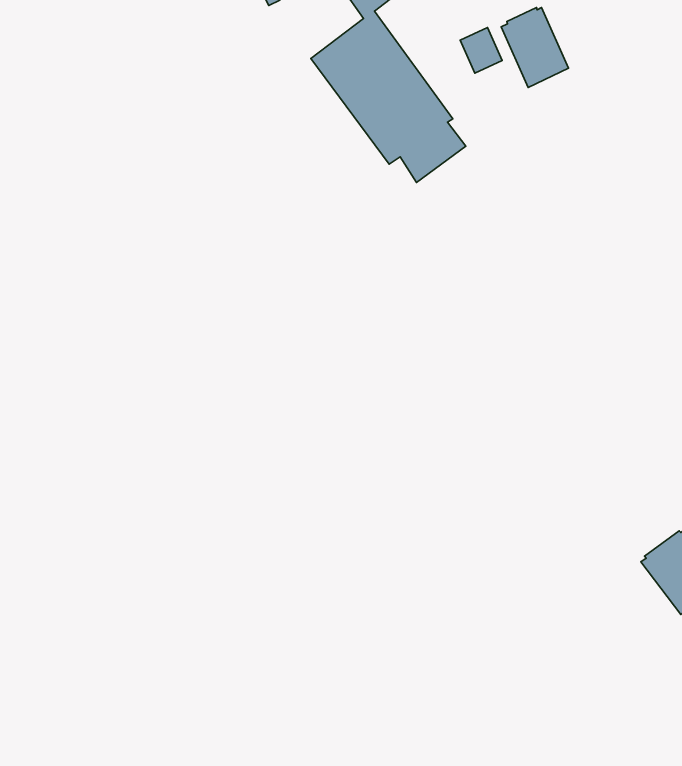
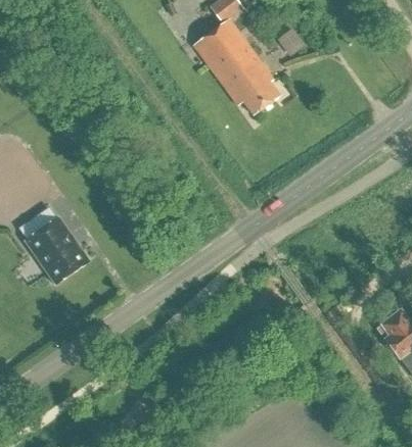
building: [501,8,569,87] -> none
building: none -> [25,216,88,284]

